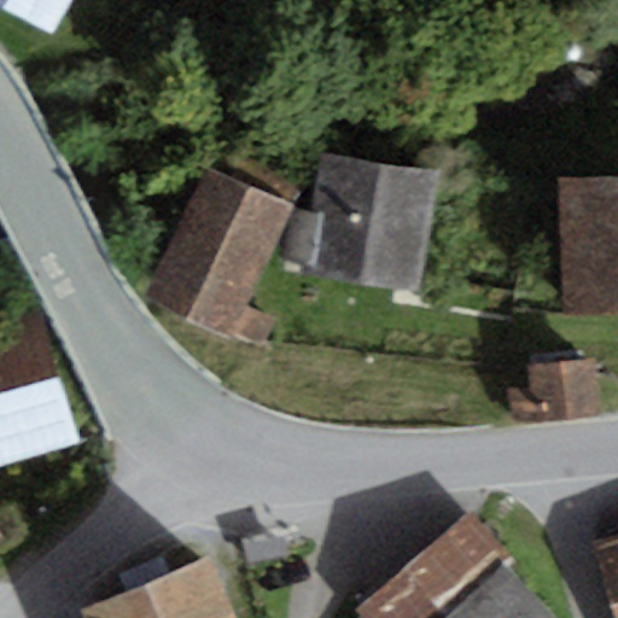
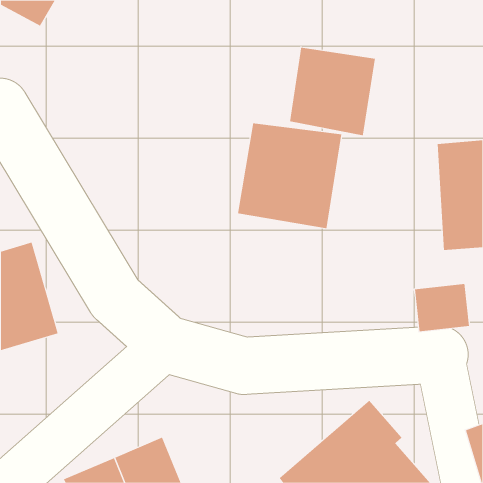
building: none -> [289,47,376,136]
building: [146,169,291,355] -> none

